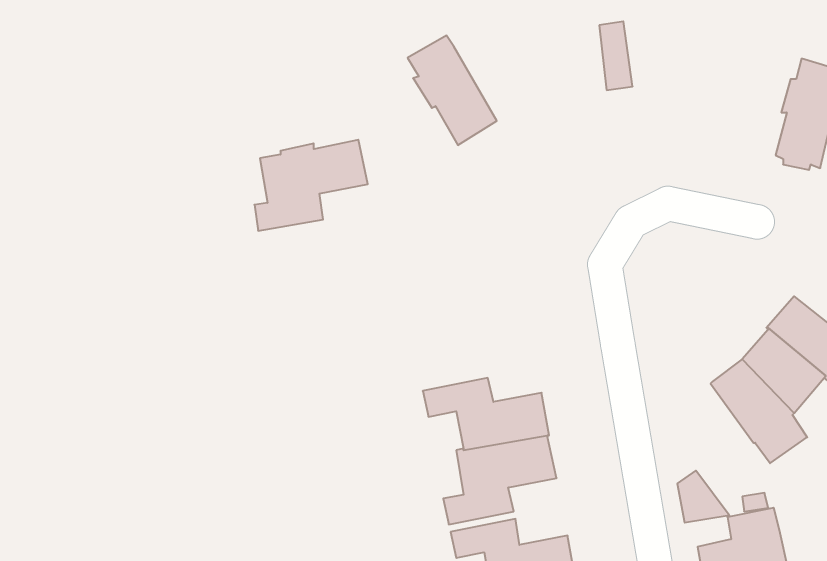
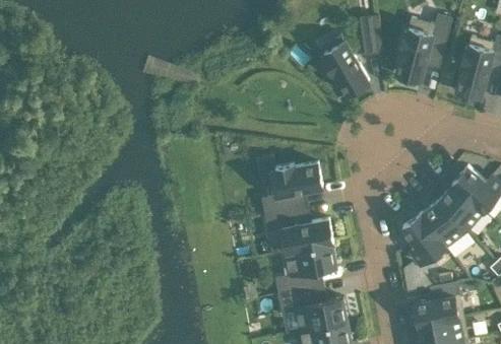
building: none -> [396,15,452,81]
building: [408,36,497,145] -> [320,36,369,95]
building: [254,140,368,231] -> [261,163,323,213]
building: none -> [402,213,445,266]

